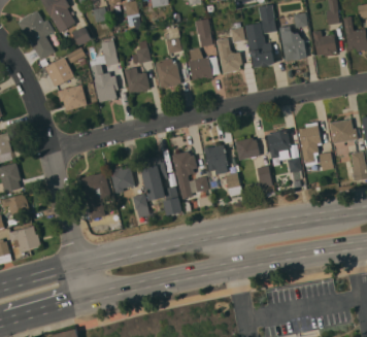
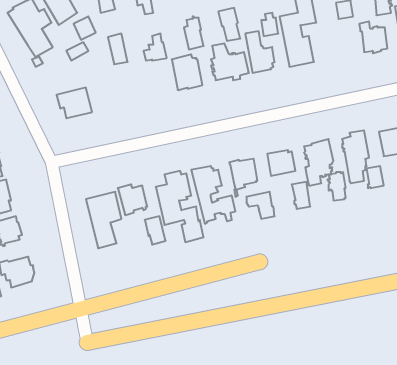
building: [279,26,306,61] -> none
building: [45,59,74,87] -> none
building: [124,67,149,94] -> none
building: [94,76,118,102] -> none

